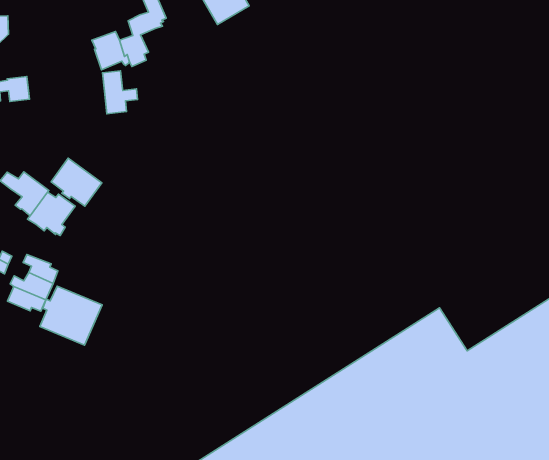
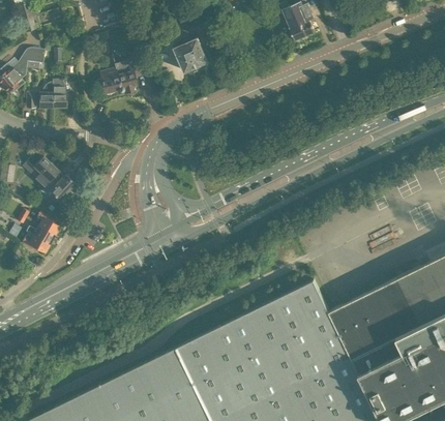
building: [102,71,138,114] -> [53,81,75,109]
building: [51,158,102,206] -> none
building: [40,286,102,345] -> none

